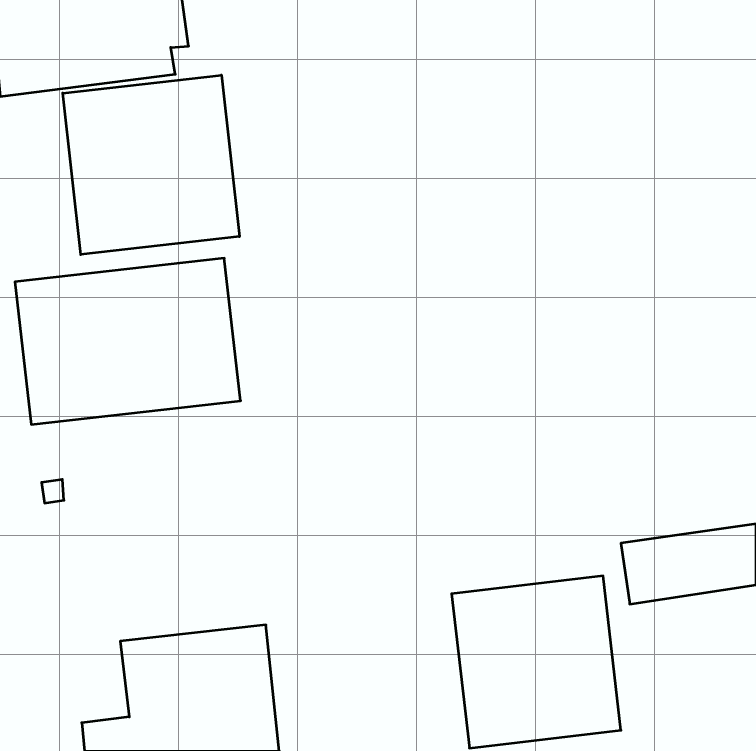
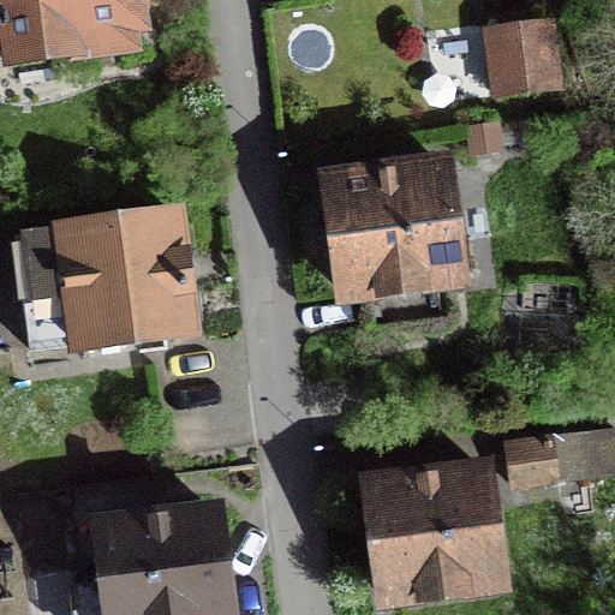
building: none -> [480,16,562,96]
building: [63,75,239,255] -> none
building: none -> [328,160,459,323]

